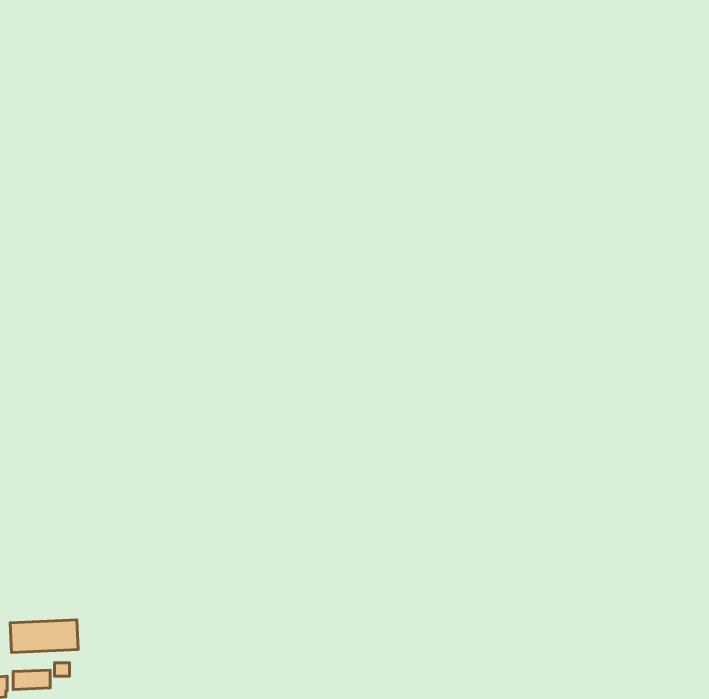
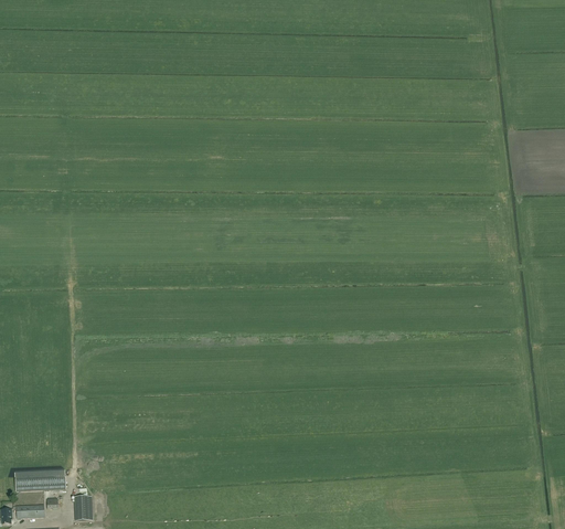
building: none -> [74,497,93,521]

